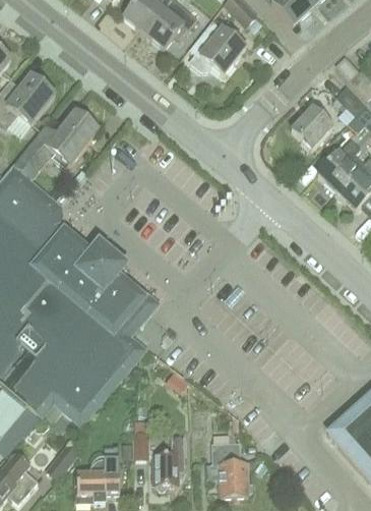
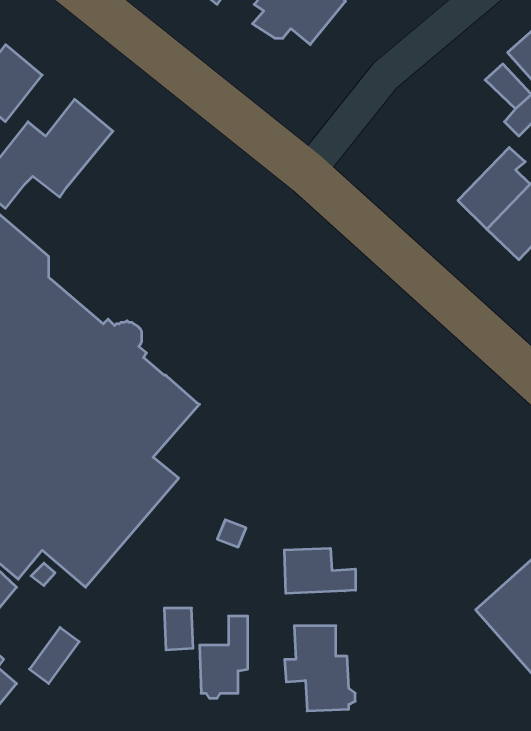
building: [291,106,332,148] -> none
building: none -> [284,548,356,593]
building: [74,446,120,501] -> none

